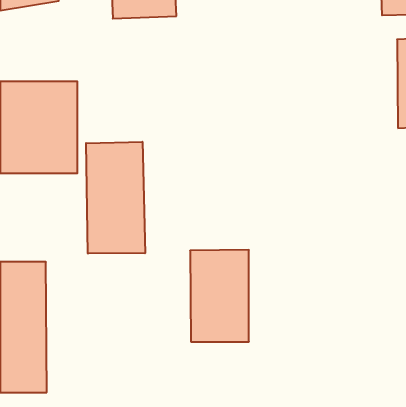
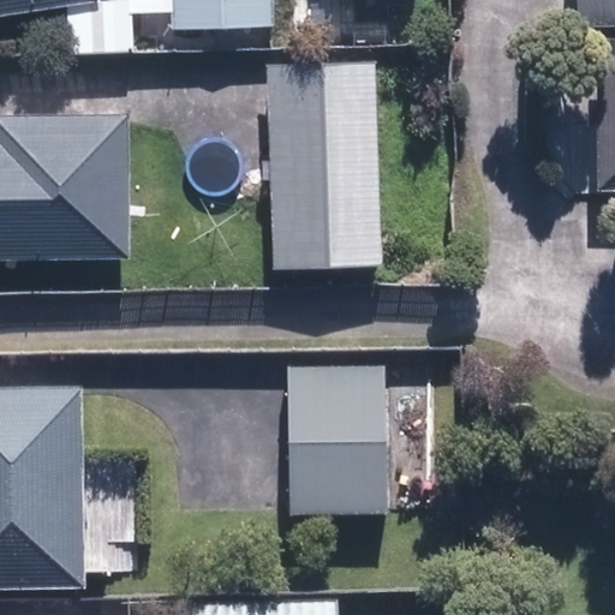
building: none -> [268,65,375,264]
building: [86,142,145,254] -> none

